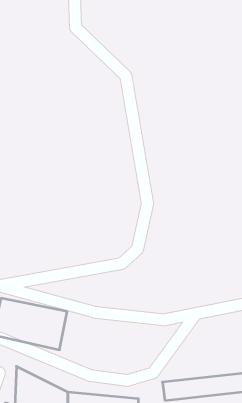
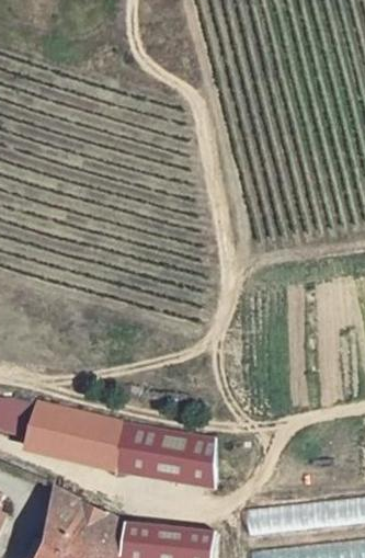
building: none -> [107,418,218,487]

